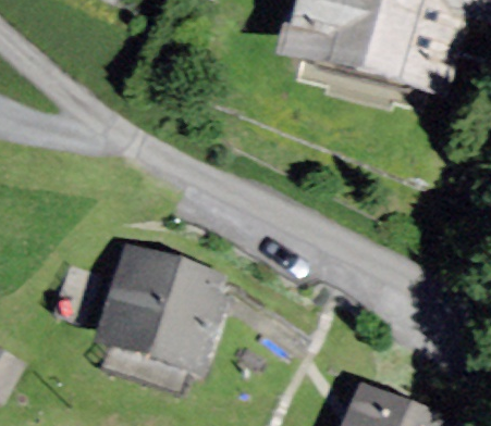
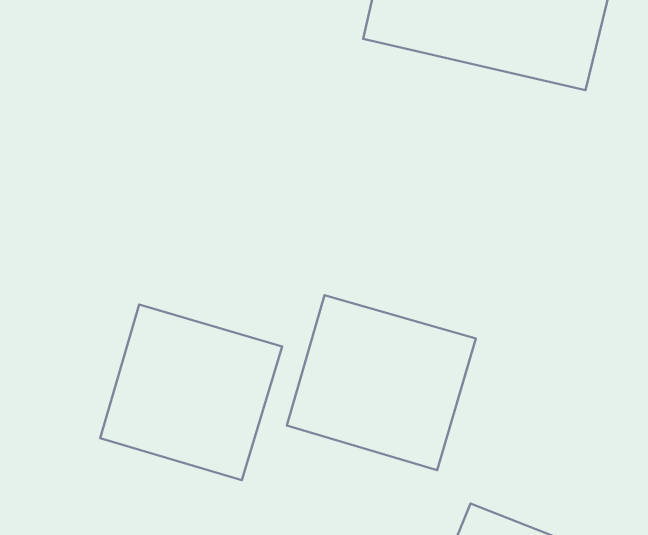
building: none -> [287,295,476,470]

